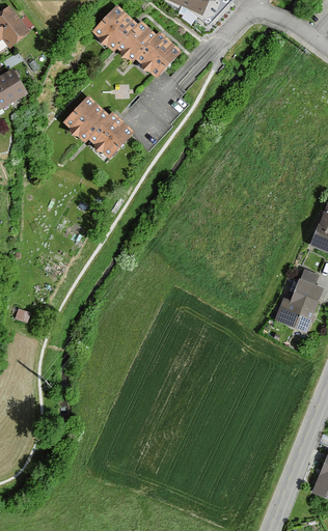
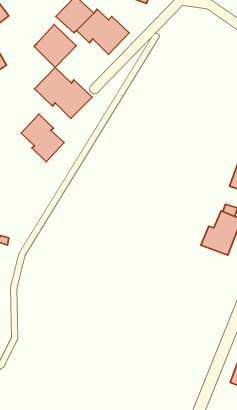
building: none -> [34,25,76,68]
building: none -> [21,114,64,162]

